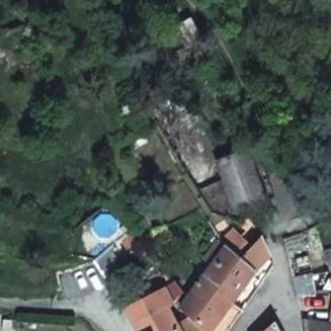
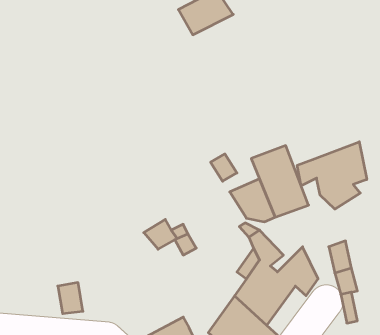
building: none -> [297,142,367,209]

